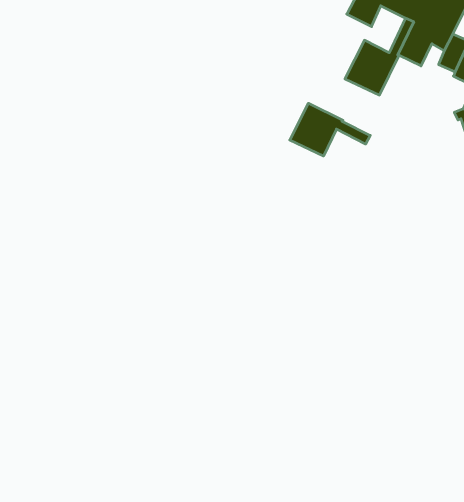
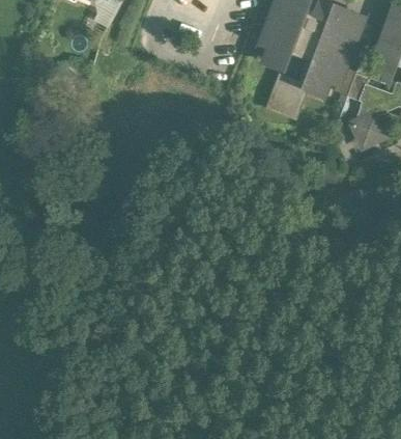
building: [290,103,370,156] -> none

